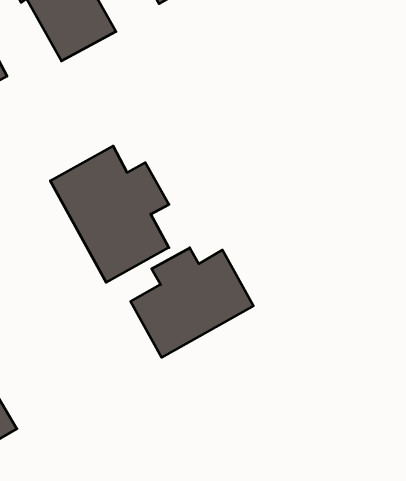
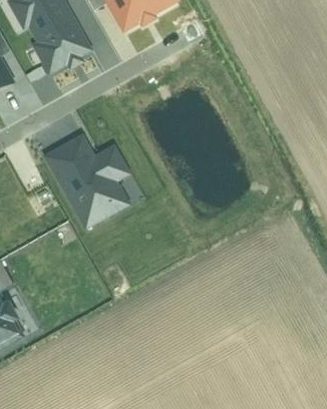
building: [131,248,253,357] -> none

